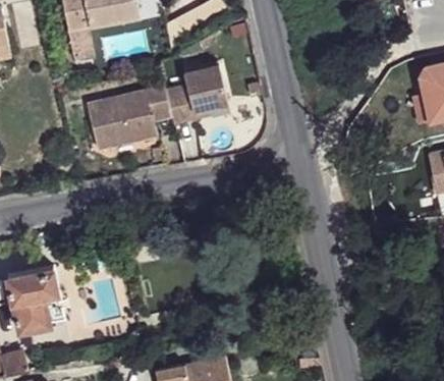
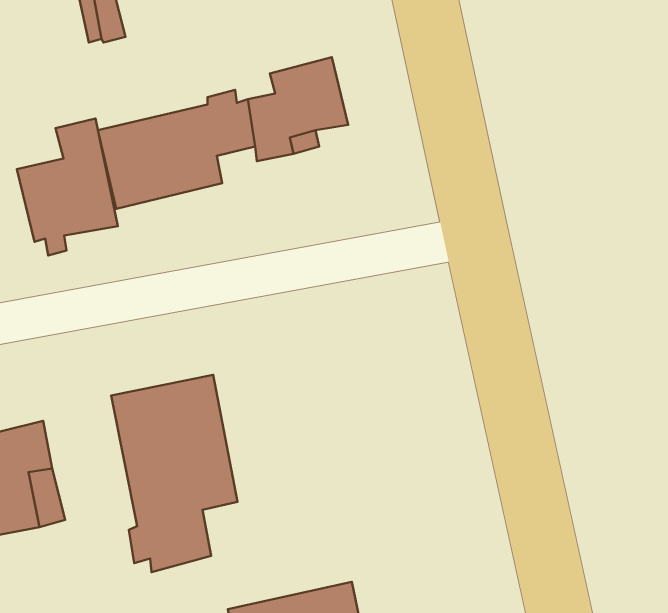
building: none -> [17,118,118,256]
building: none -> [111,375,237,572]

